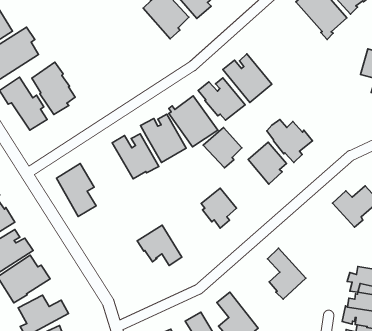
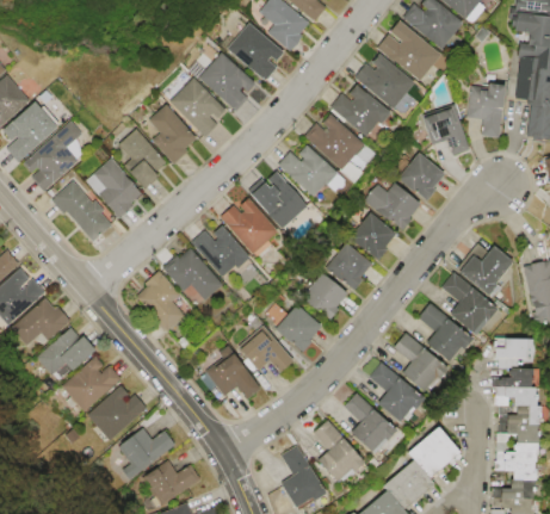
building: none -> [173,76,228,136]
building: none -> [360,52,418,107]
building: none -> [150,103,199,163]
building: none -> [336,83,394,138]
building: none -> [119,128,168,187]
building: none -> [426,103,474,151]
building: none -> [403,151,447,198]
building: [203,128,242,168] -> [329,242,375,289]
building: none -> [165,249,223,301]
building: none -> [443,272,496,329]
building: none -> [277,304,322,352]
building: none -> [419,303,474,358]
building: none -> [202,352,259,400]
building: none -> [369,363,419,422]

